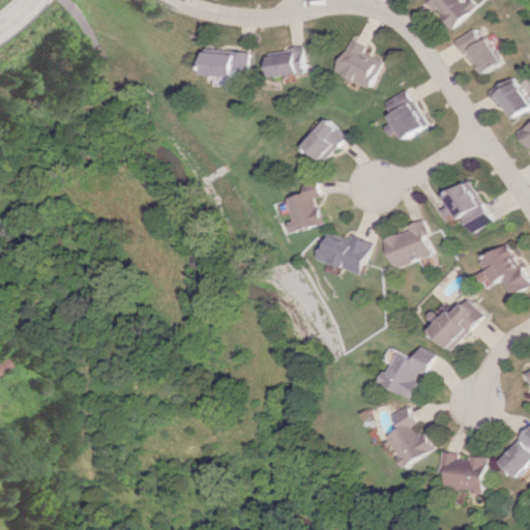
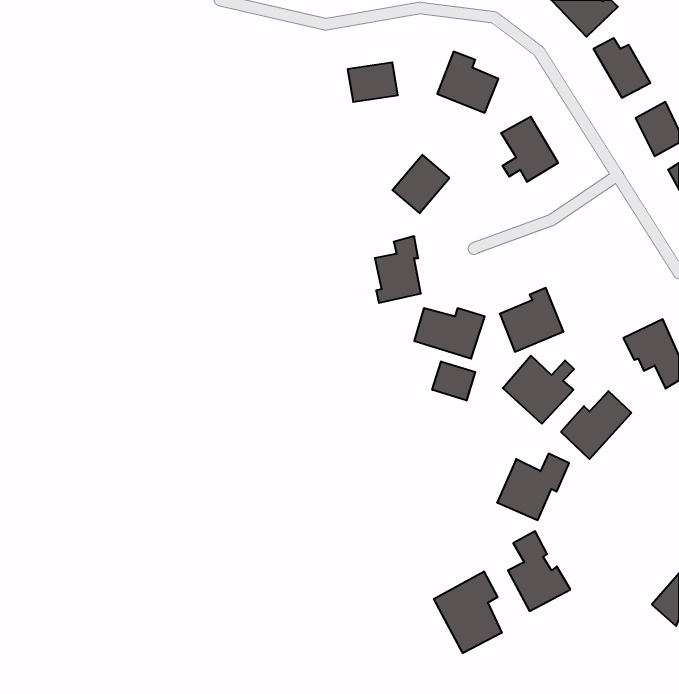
building: [202,50,247,77] -> none
building: [436,180,487,233] -> none
building: none -> [503,356,574,424]
building: none -> [432,361,475,401]
building: none -> [434,571,502,653]
building: [439,450,487,492] -> none

